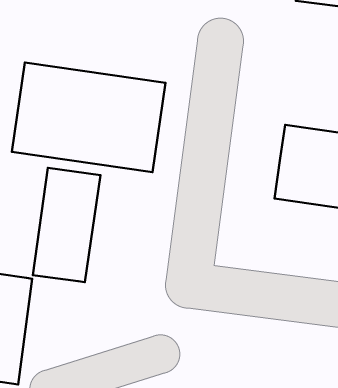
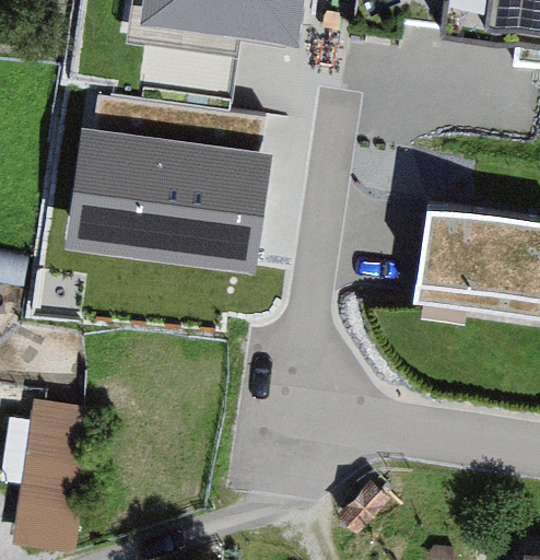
building: [33,168,101,282] -> none

